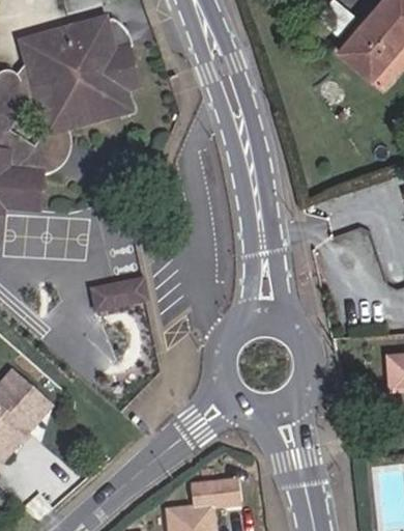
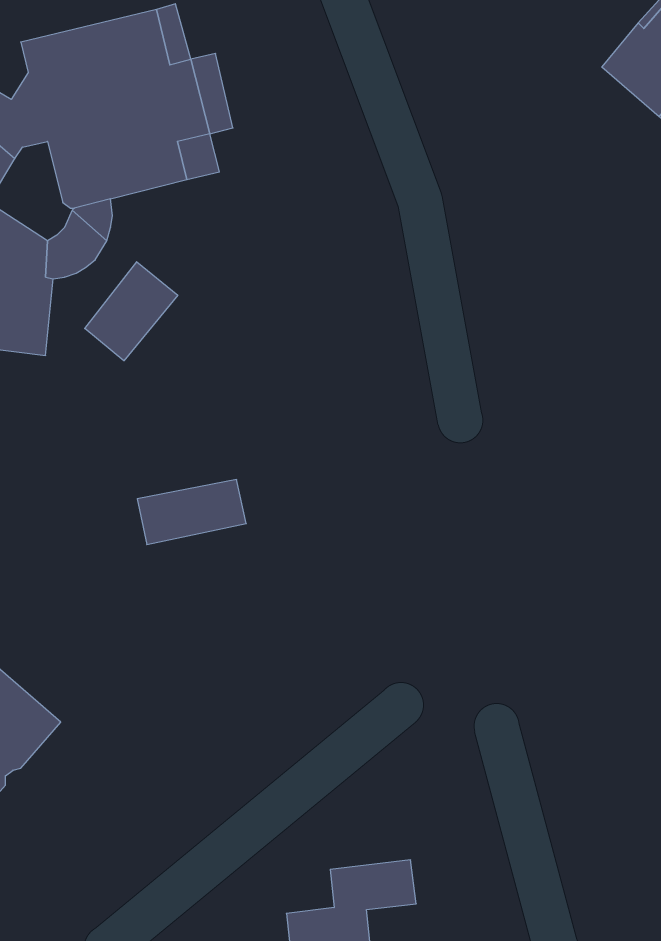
building: none -> [85,262,178,361]

